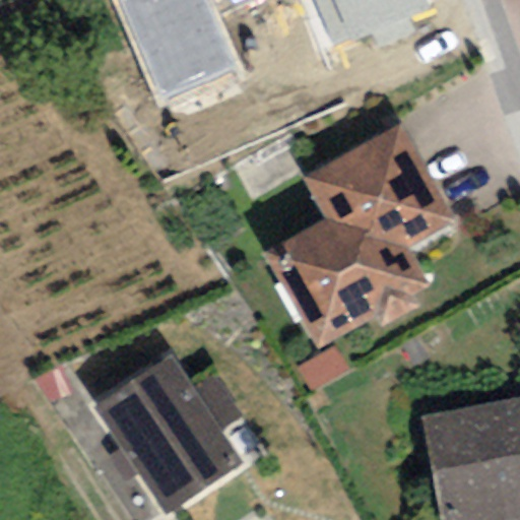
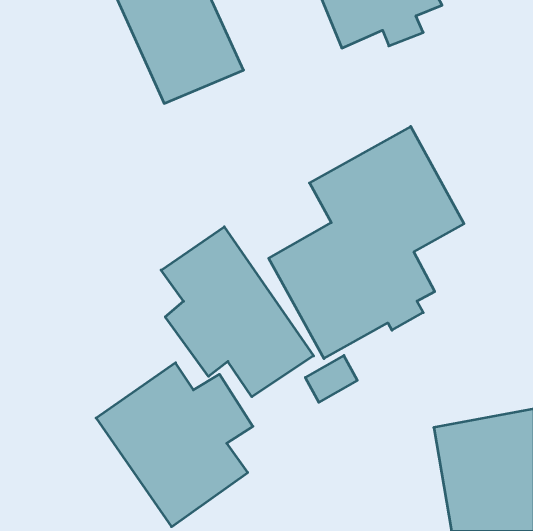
building: none -> [161,227,314,397]

